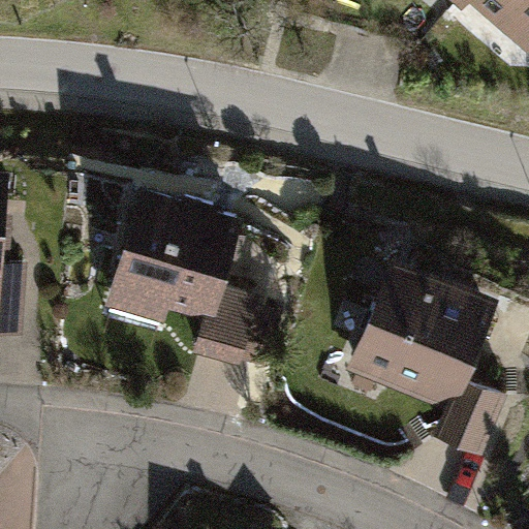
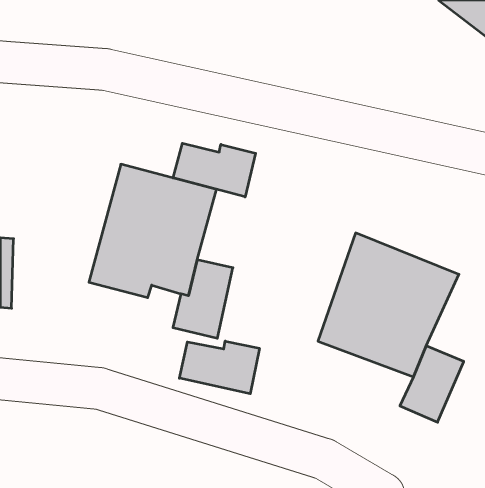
building: none -> [173,143,256,197]
building: none -> [179,341,259,394]

